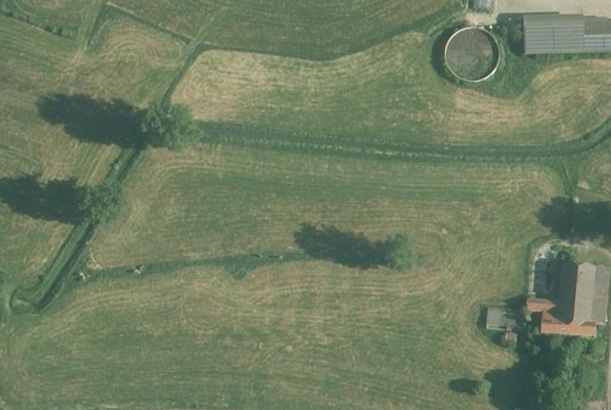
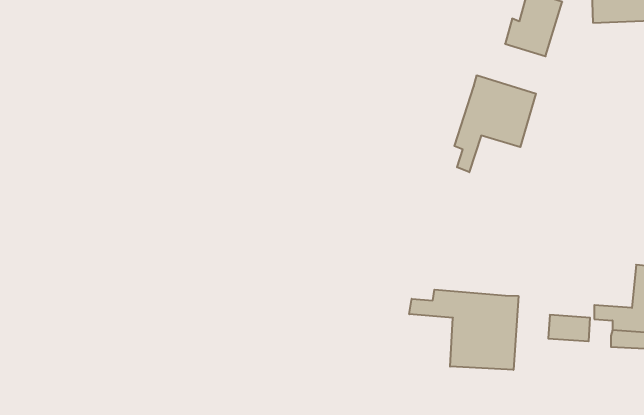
building: none -> [454,75,536,172]
building: none -> [409,290,518,370]

